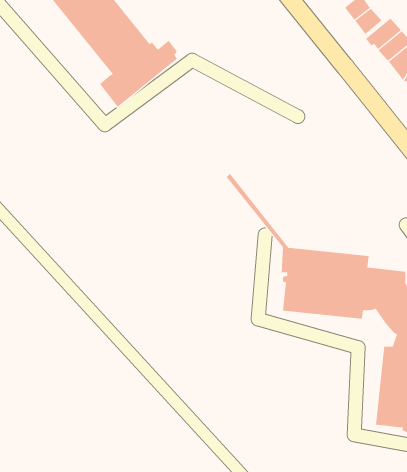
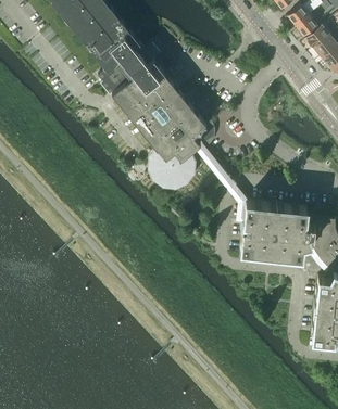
building: none -> [114,60,206,187]

